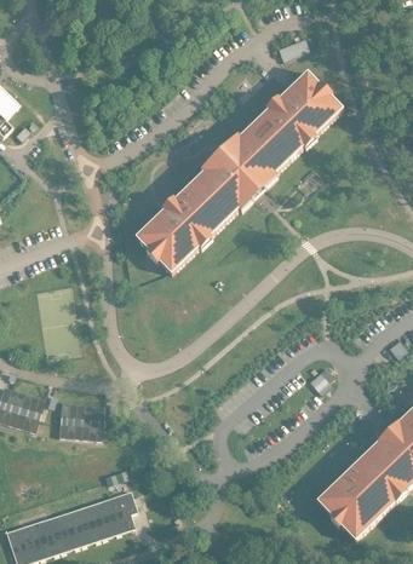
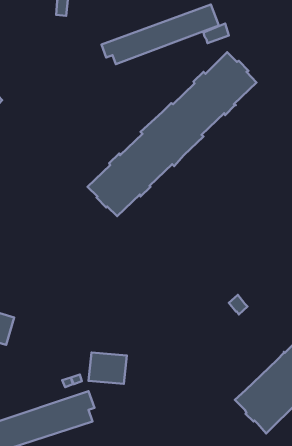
building: none -> [102,5,219,64]
building: [57,402,104,441] -> [89,353,127,384]

